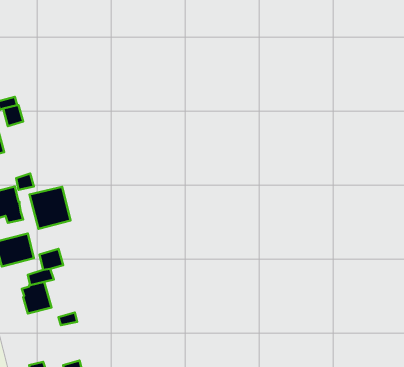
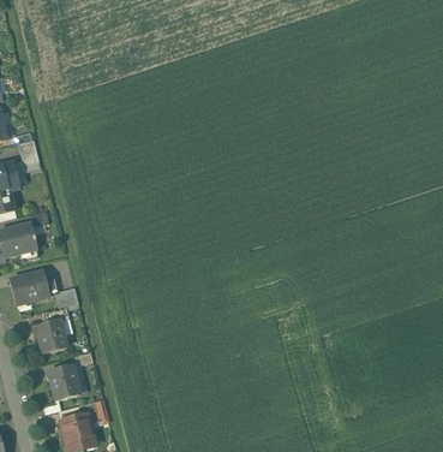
building: [30,187,70,229] -> none
building: none -> [48,365,80,399]

